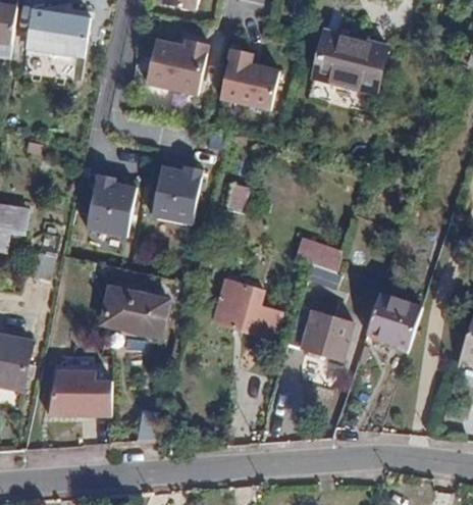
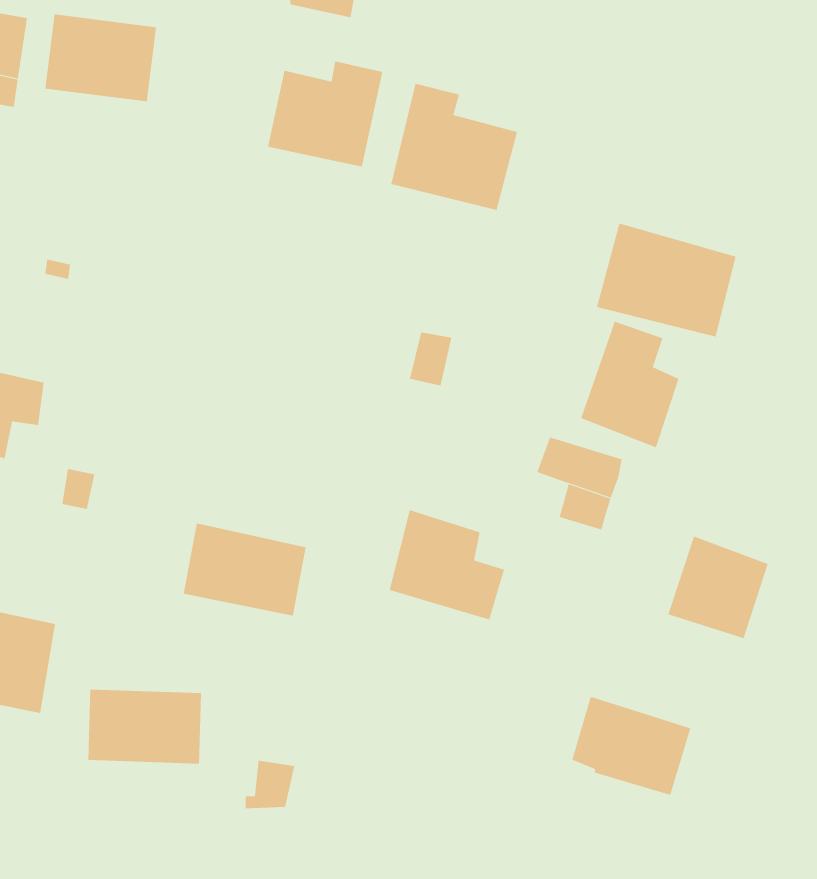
building: [311,31,387,93] -> [596,223,737,337]
building: [150,163,206,228] -> none
building: [86,170,136,235] -> none
building: none -> [580,321,679,448]
building: [288,307,354,361] -> [572,696,691,795]

